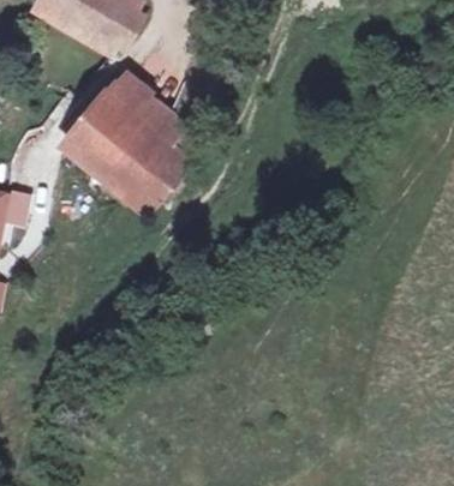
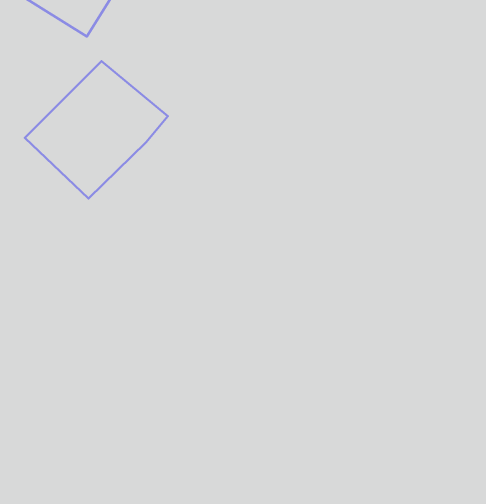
building: [110,139,181,209] -> none

